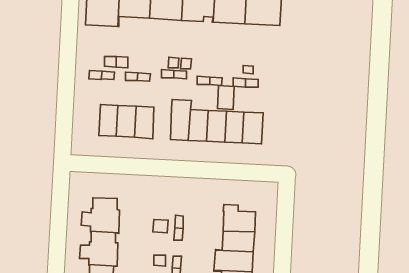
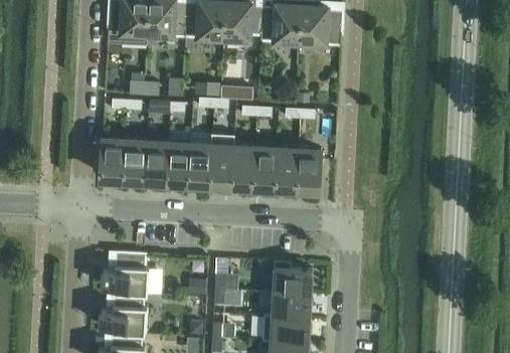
building: [217,85,234,110] -> none
building: none -> [100,139,125,177]
building: none -> [188,143,210,182]

